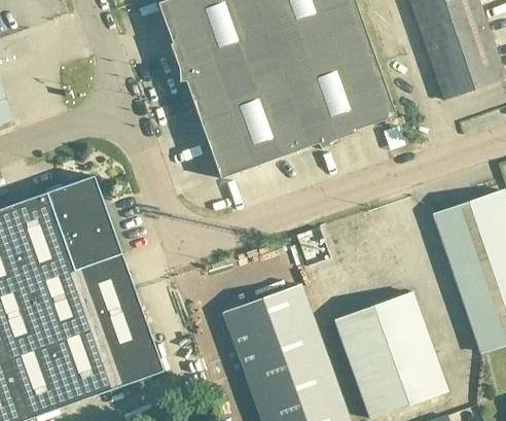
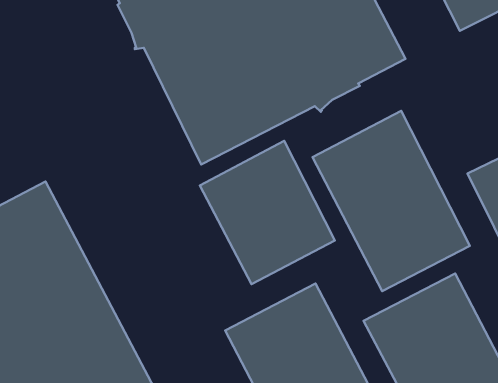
building: none -> [313,111,470,291]
building: none -> [200,141,335,284]

